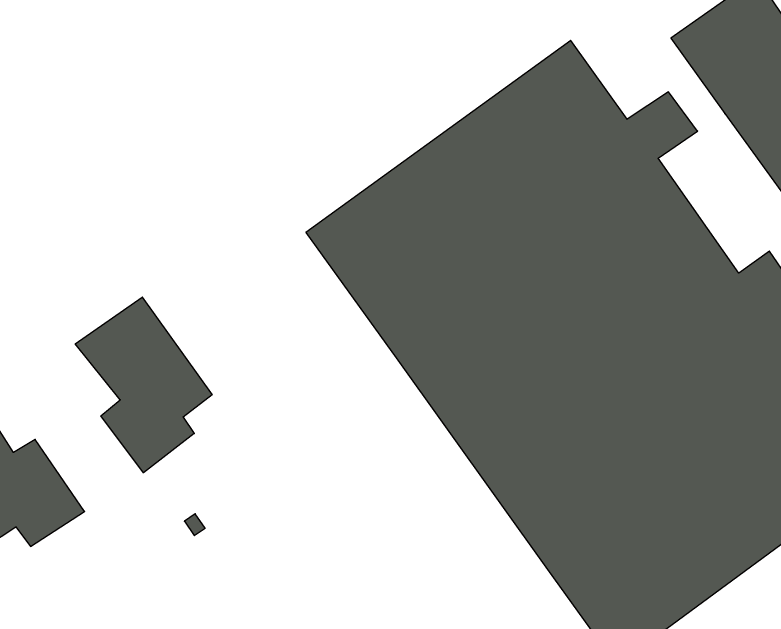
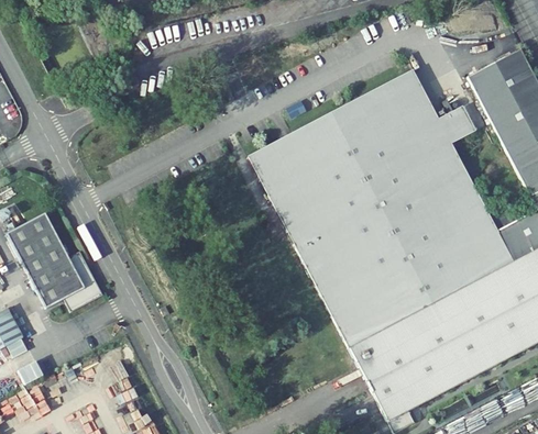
building: [75,297,212,473] -> none

